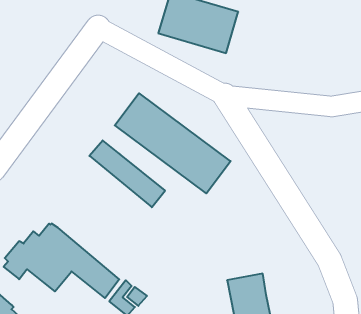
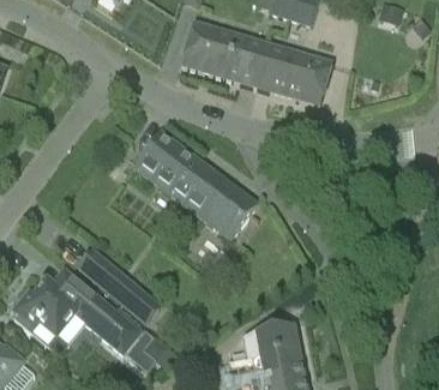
building: none -> [253,42,332,106]
building: [89,140,165,207] -> [78,250,160,322]

